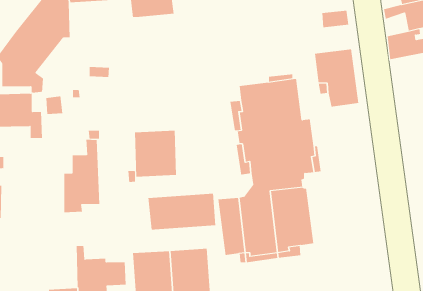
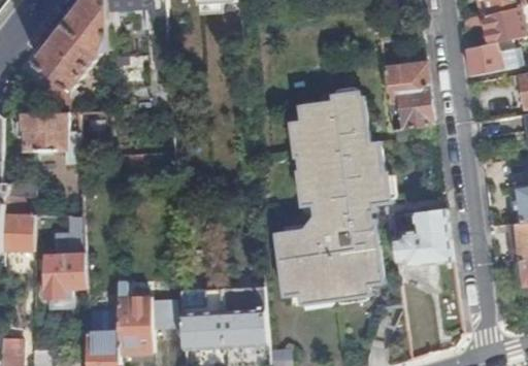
building: [135,130,176,178] -> none
building: [63,139,100,213] -> [43,215,85,298]
building: none -> [392,206,452,265]
building: [148,193,216,231] -> none

